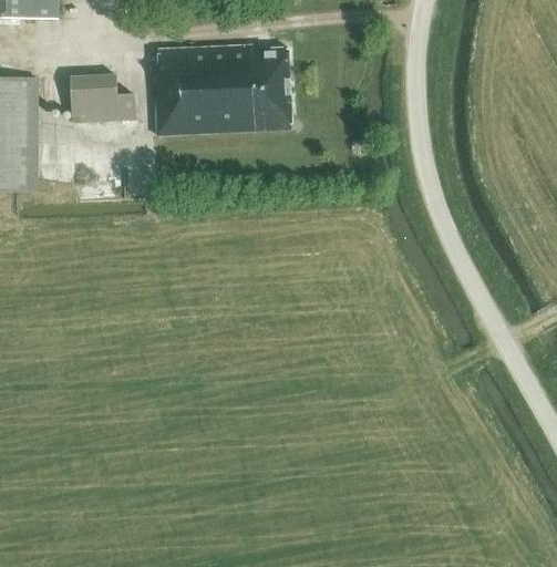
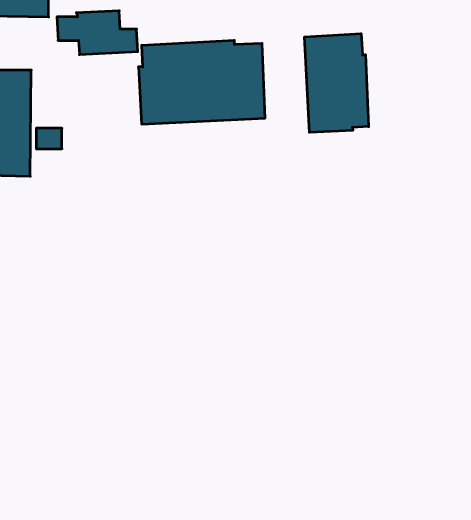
building: none -> [305,34,369,132]
building: [48,75,135,123] -> [57,11,138,55]

